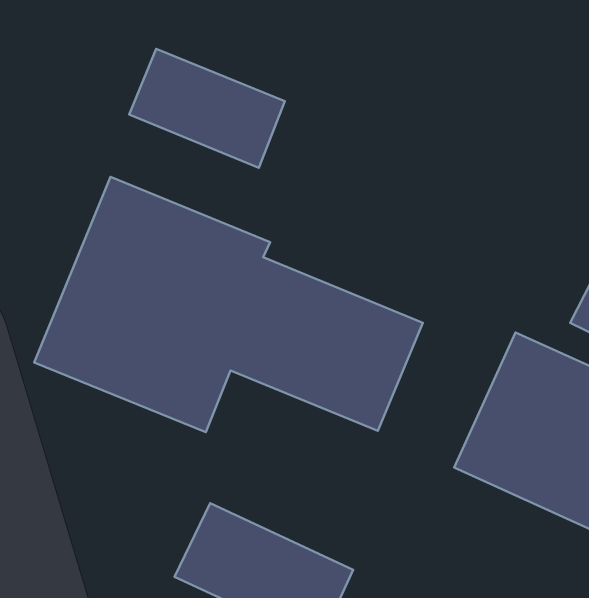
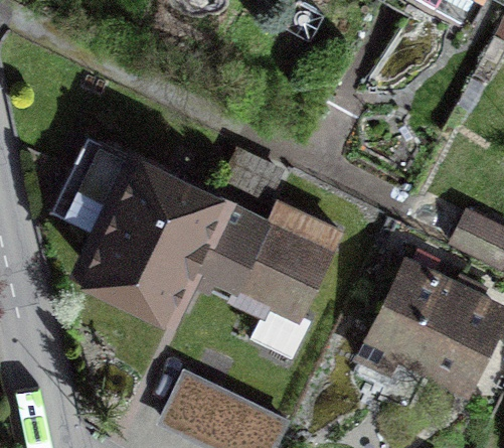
building: [129,49,285,168] -> none

